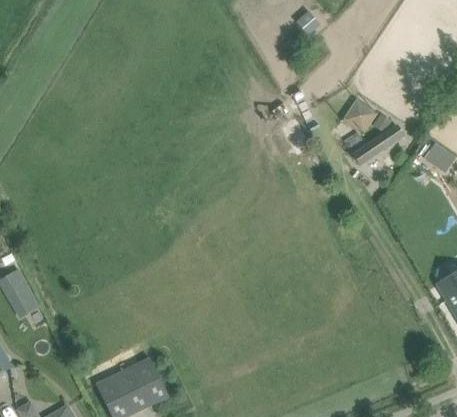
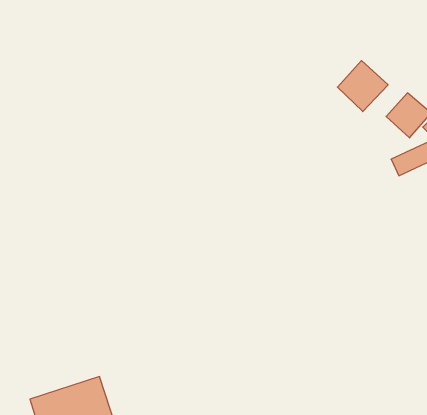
building: none -> [337,61,388,112]

